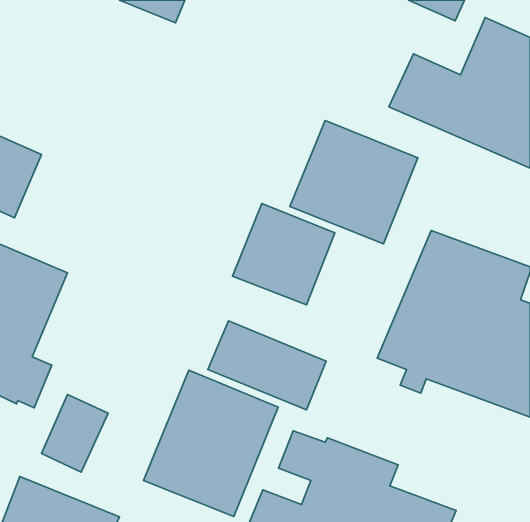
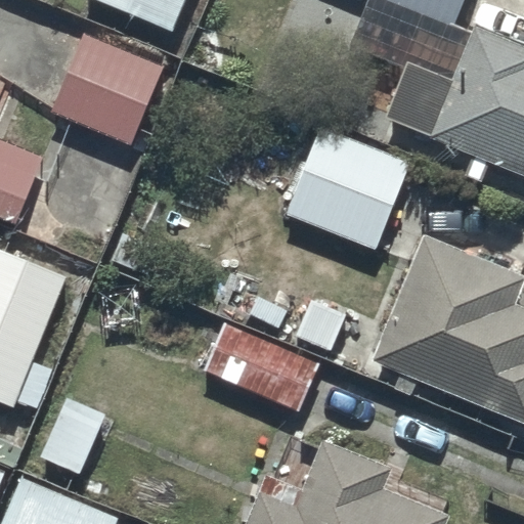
building: none -> [55,36,161,140]
building: [233,203,335,305] -> none
building: [143,370,278,516] -> none

